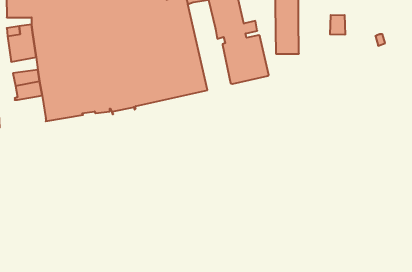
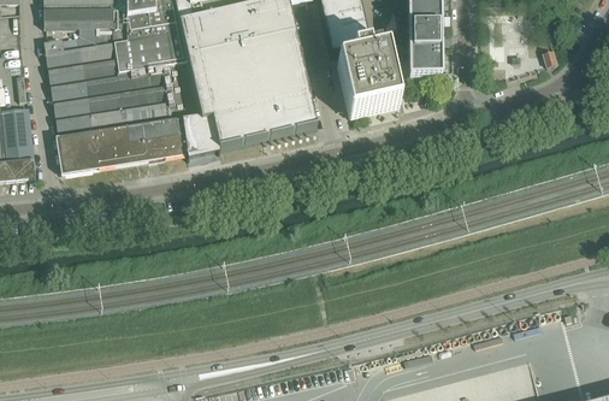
building: [330,15,345,35] -> none
building: none -> [51,81,87,102]
building: none -> [55,132,97,172]

